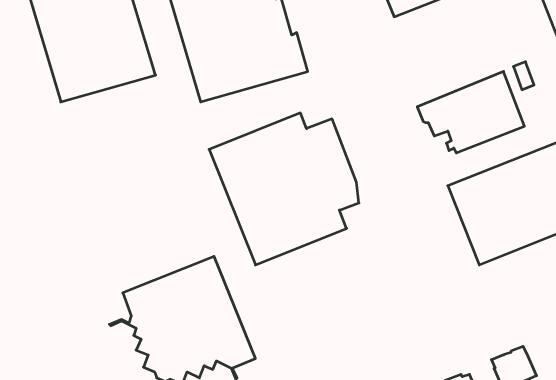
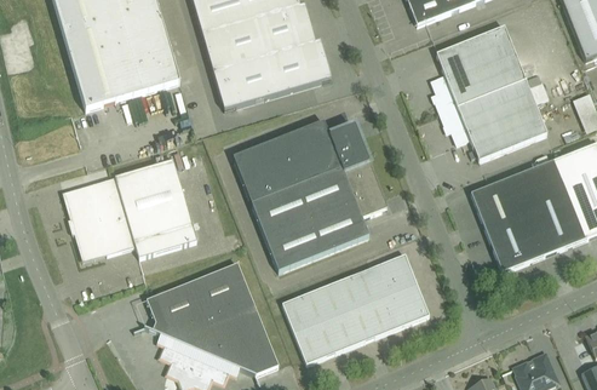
building: none -> [431,25,526,114]
building: none -> [64,159,197,259]
building: none -> [282,253,429,363]

